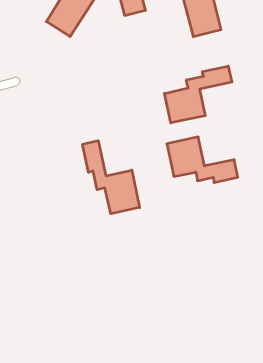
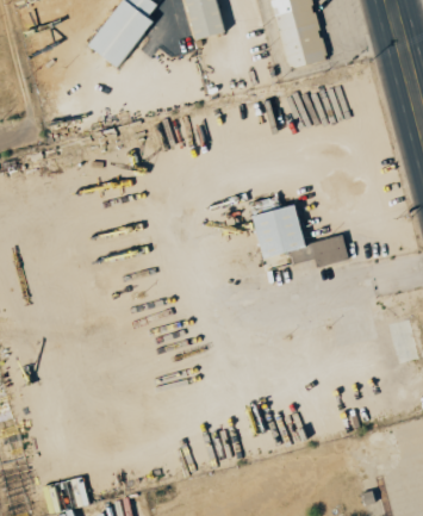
building: [164,66,232,123] -> none
building: [83,141,140,214] -> none

